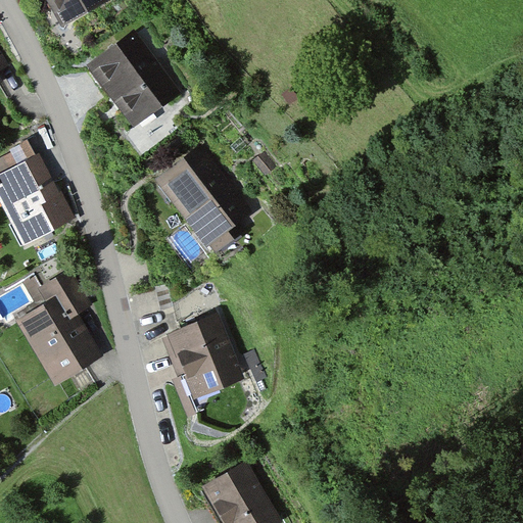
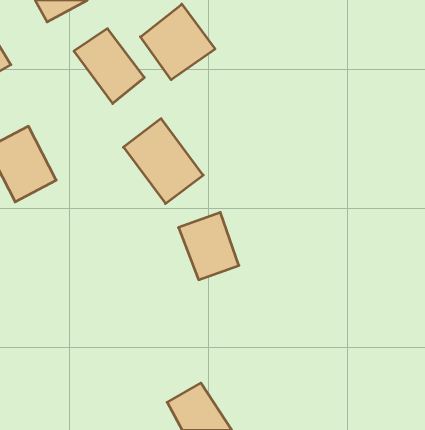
building: none -> [140,4,215,80]
building: [11,270,99,385] -> none
building: [171,315,244,396] -> [178,212,239,280]

